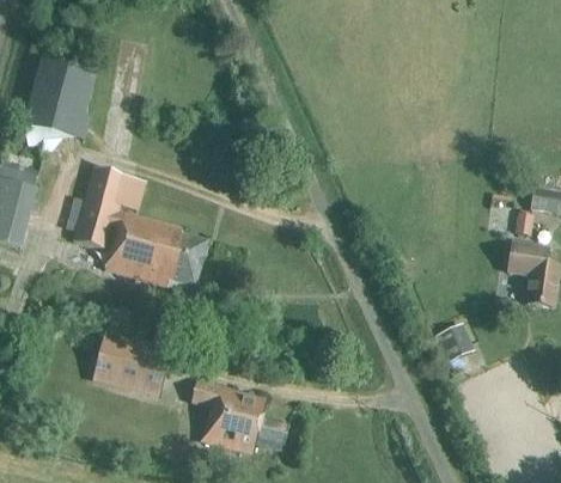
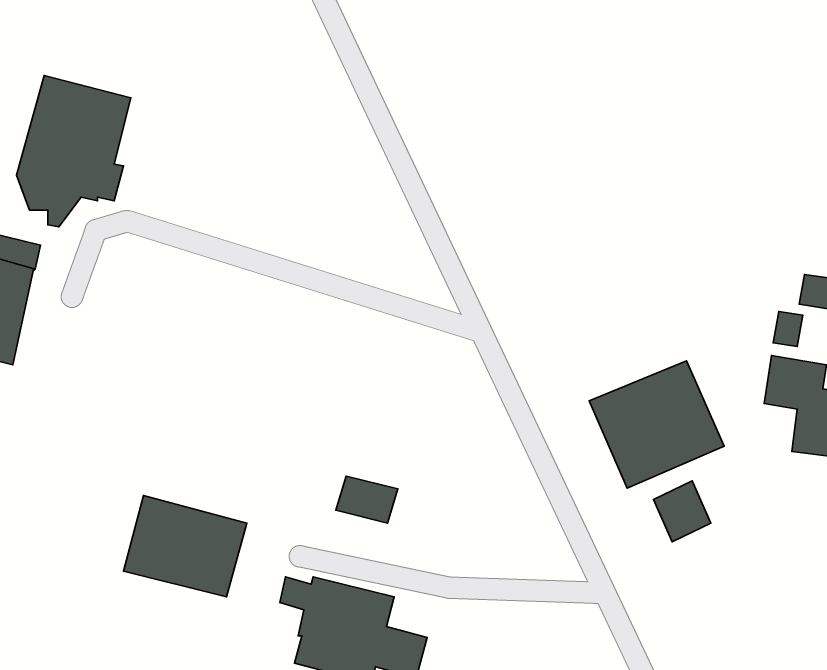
building: [66,165,207,287] -> none
building: none -> [589,361,724,488]
building: none -> [336,476,398,523]

